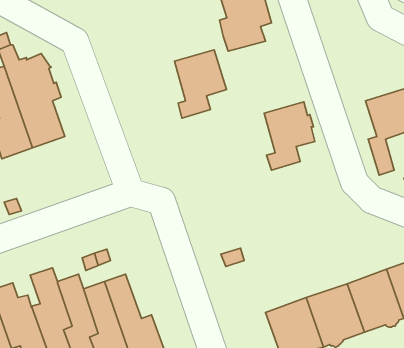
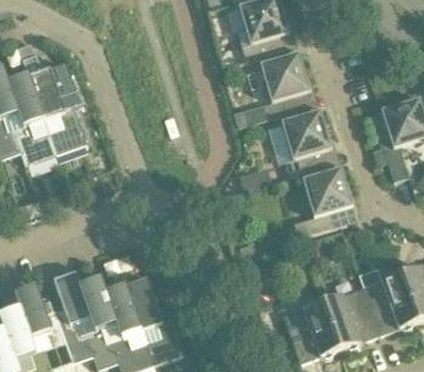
building: [174,50,226,118] -> [260,51,310,117]
building: none -> [294,165,353,236]

